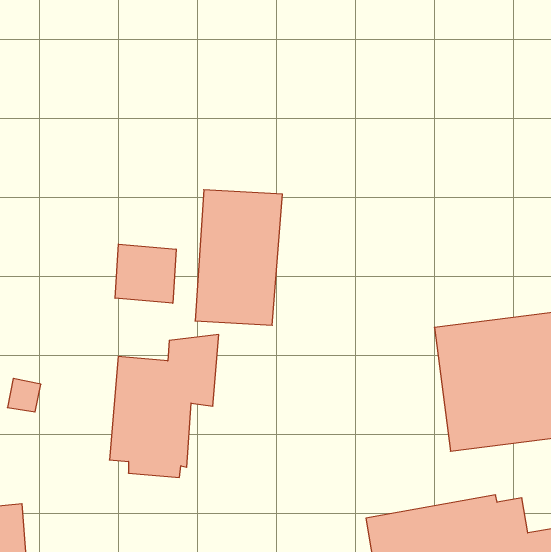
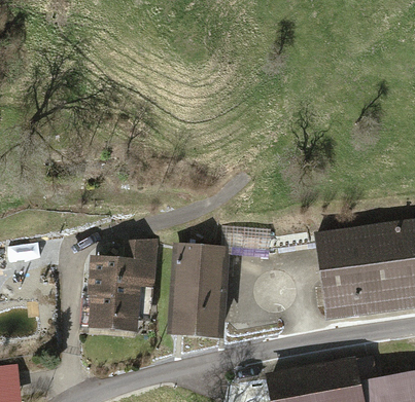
building: [195,190,282,325] -> [168,244,230,339]
building: [115,244,176,303] -> none

